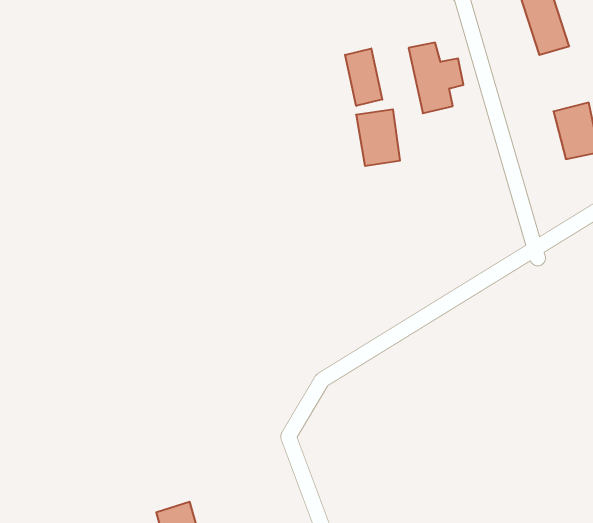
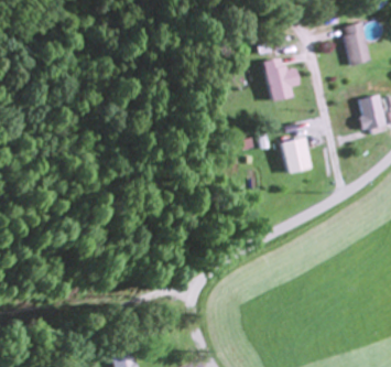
building: [345,48,382,106] -> none
building: [356,109,400,166] -> [285,138,313,173]

